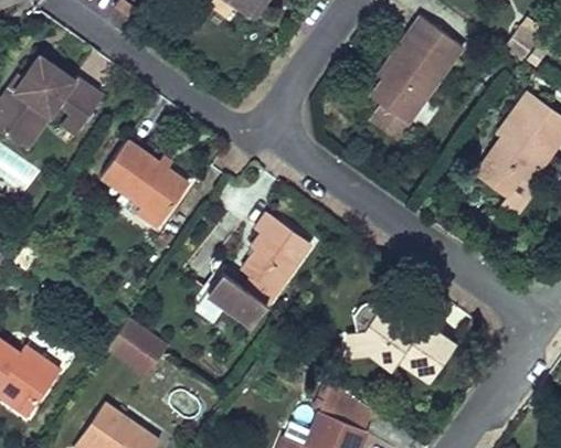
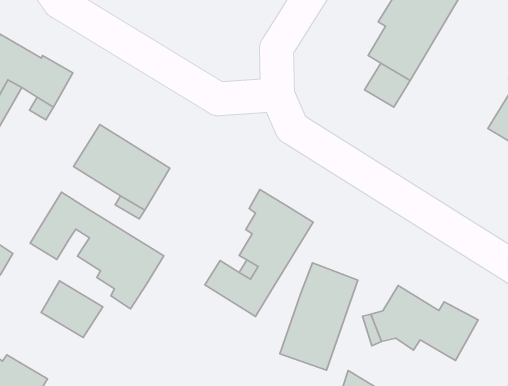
building: none -> [30,192,164,309]
building: none -> [280,263,358,370]
building: [108,318,165,371] -> [41,281,103,337]

